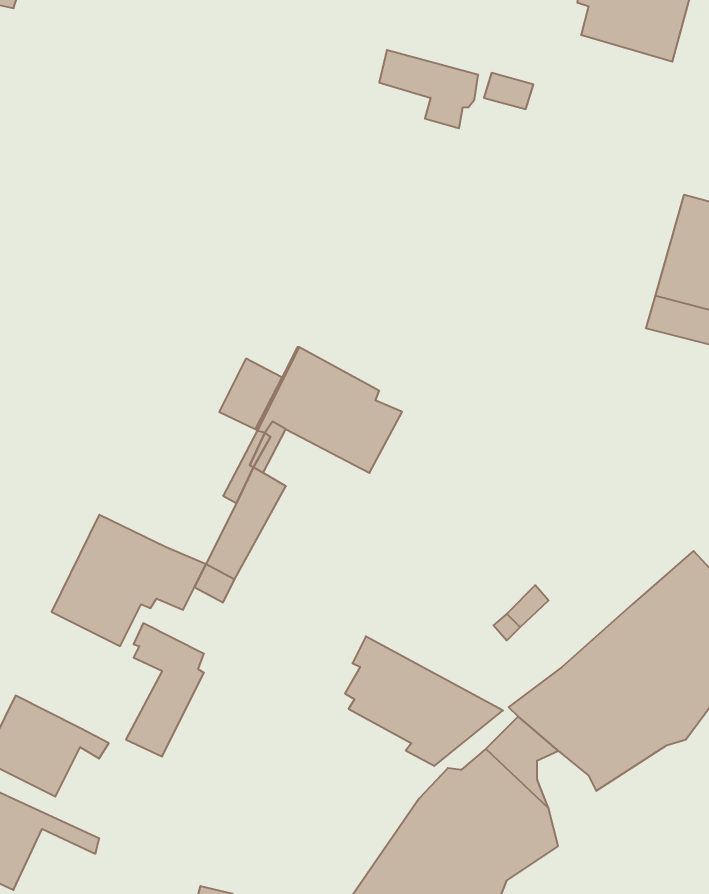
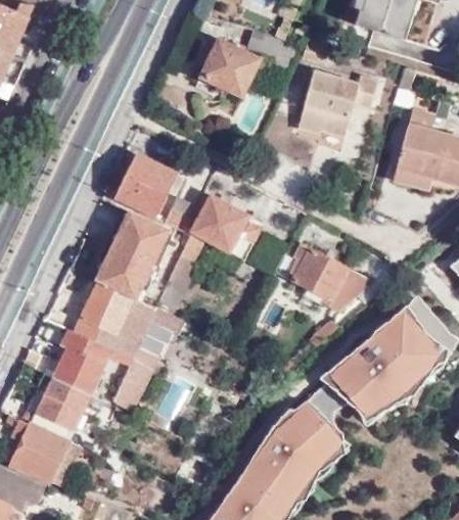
building: none -> [196,38,256,94]
building: none -> [299,69,378,135]
building: none -> [116,155,174,214]
building: none -> [97,216,165,297]
building: none -> [51,331,108,394]
building: [345,636,503,766] -> [288,240,373,310]

